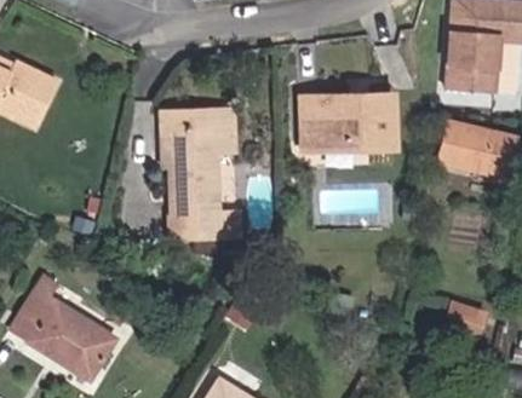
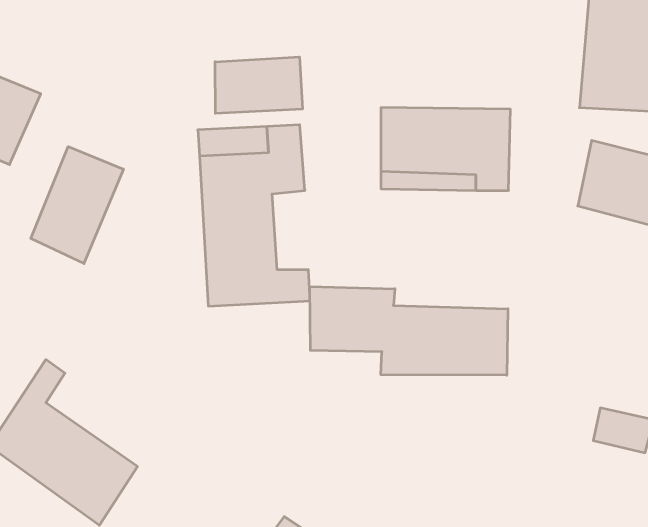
building: none -> [215,57,302,113]
building: none -> [31,147,123,264]
building: none -> [310,287,508,375]

